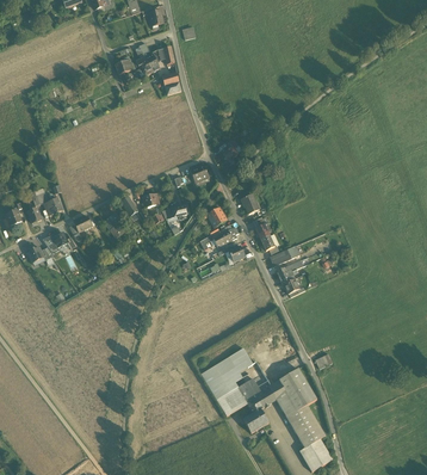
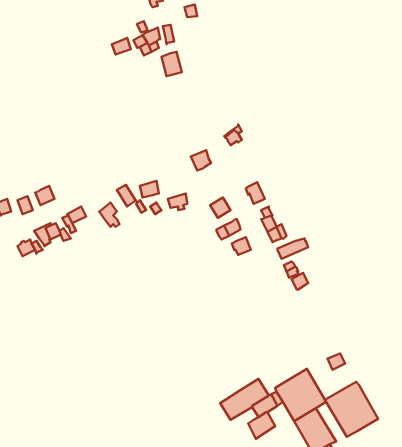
building: [200,347,252,400] -> none
building: none -> [325,382,378,437]

